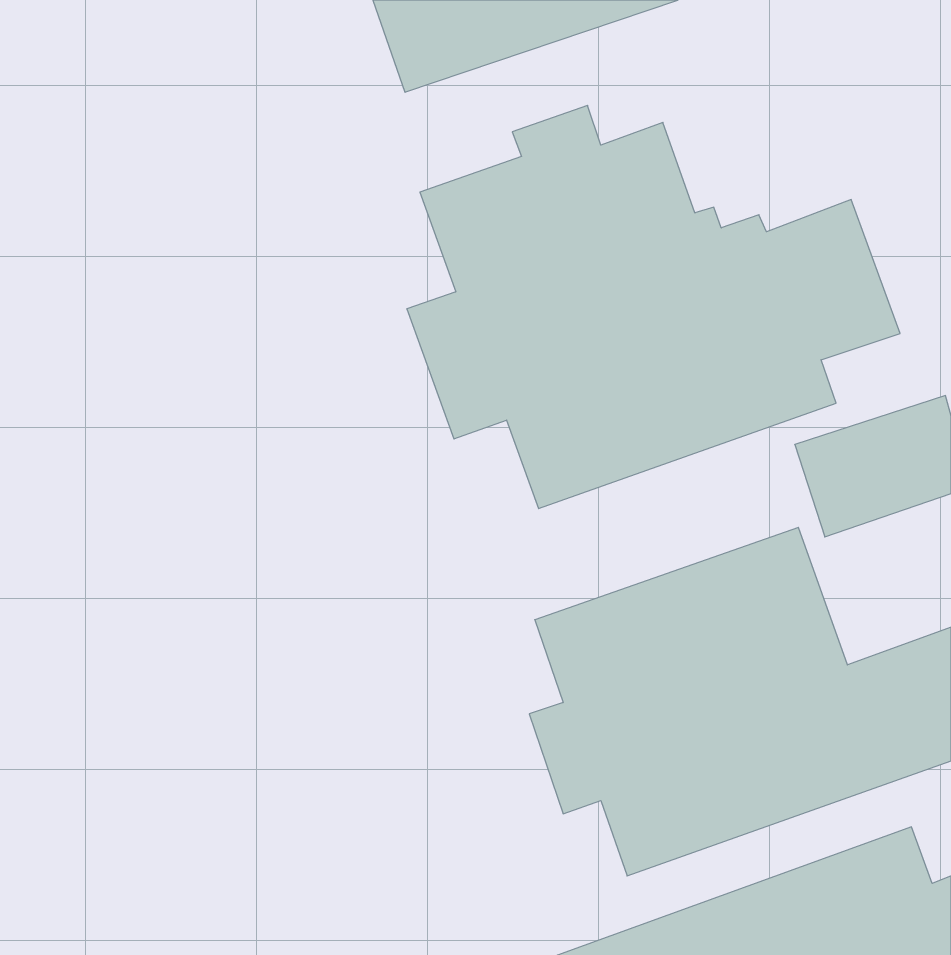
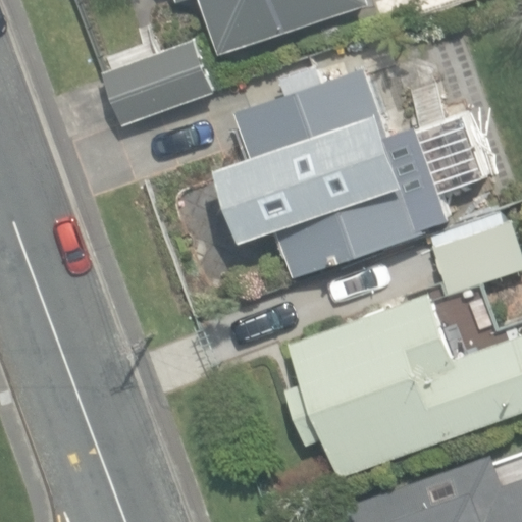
building: none -> [102,39,215,127]

